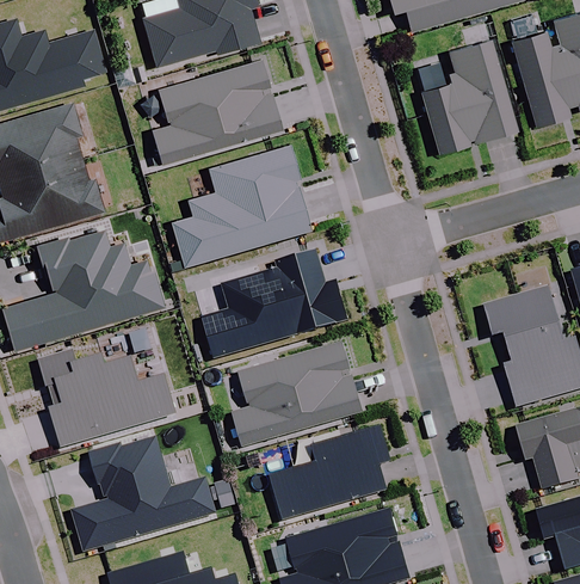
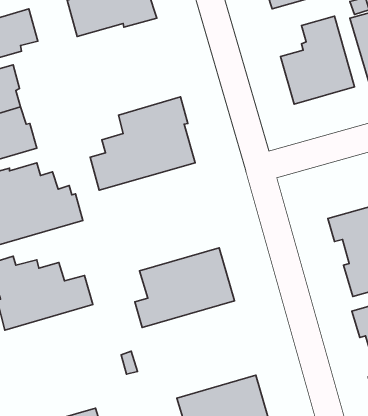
building: [153,60,282,164] -> none
building: [203,251,348,359] -> none
building: [269,425,389,518] -> none
building: [70,436,216,549] -> none

